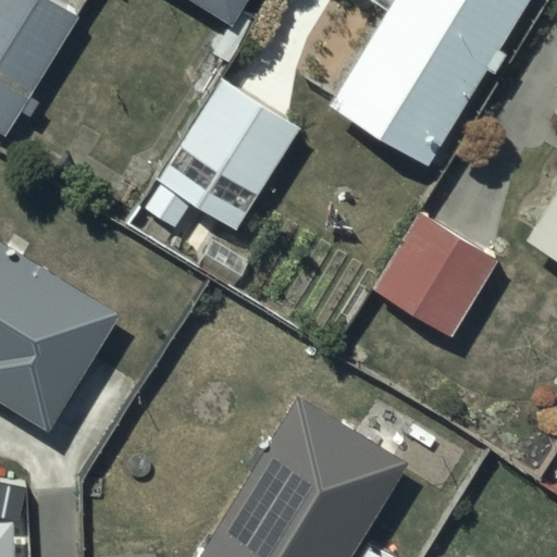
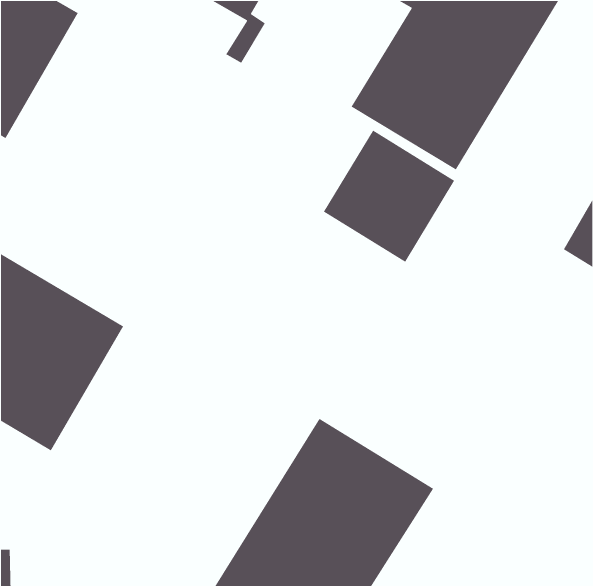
building: [156,77,298,228] -> none
building: [373,214,497,339] -> [323,129,455,263]

